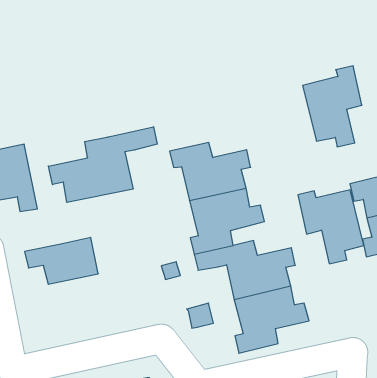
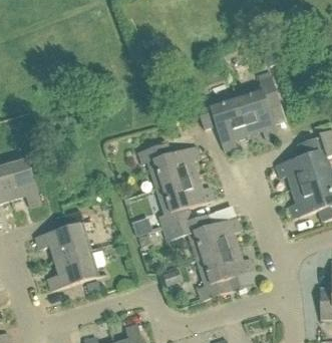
building: [48,127,157,202] -> none
building: [298,190,364,264] -> [196,93,249,150]
building: none -> [48,249,100,291]

